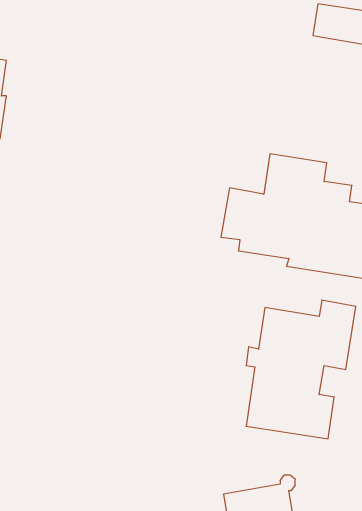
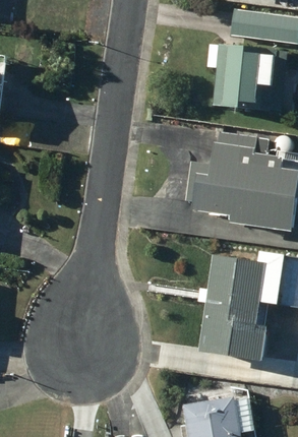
building: none -> [212,43,287,111]

